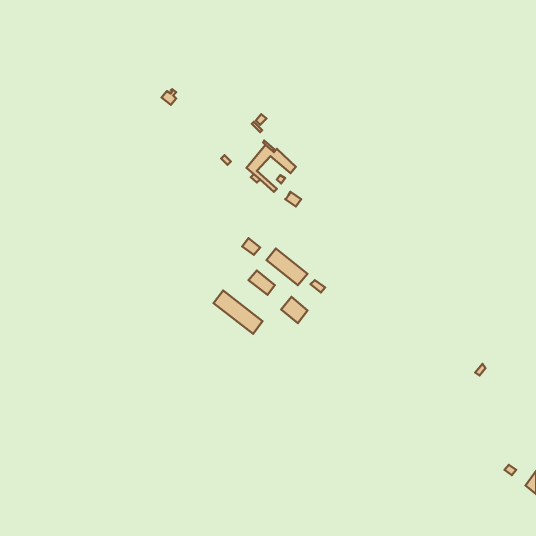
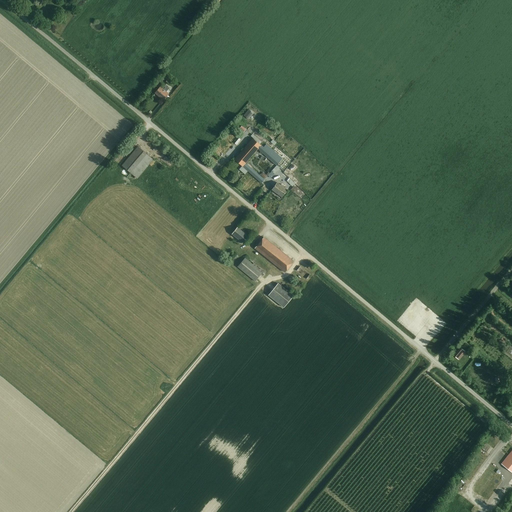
building: none -> [121,146,153,179]
building: [214,291,263,334] -> none

